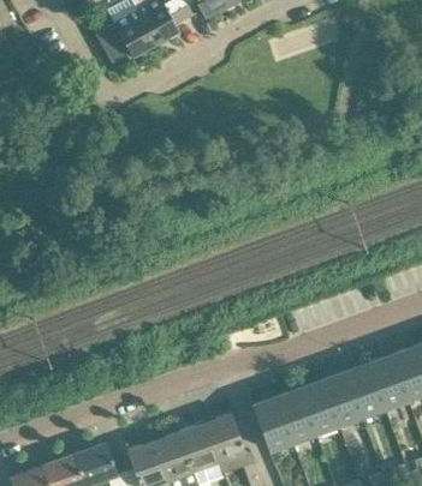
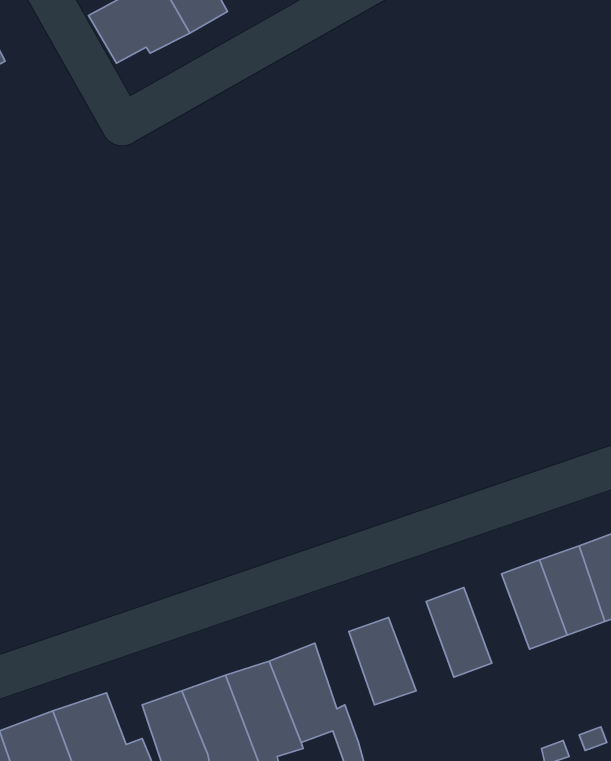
building: [323,371,363,425] -> none
building: [278,388,317,442] -> none

